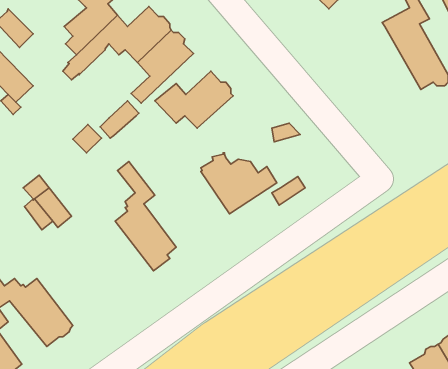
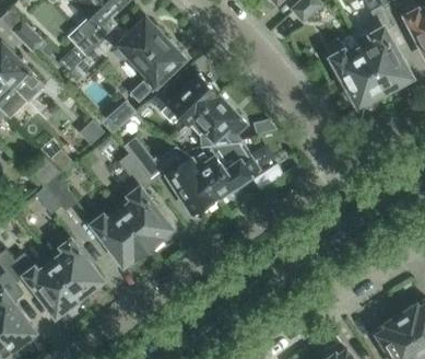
building: none -> [326,35,385,109]
building: none -> [188,96,246,150]
building: none -> [123,137,216,216]
building: none -> [90,207,150,265]
building: none -> [47,230,103,299]

